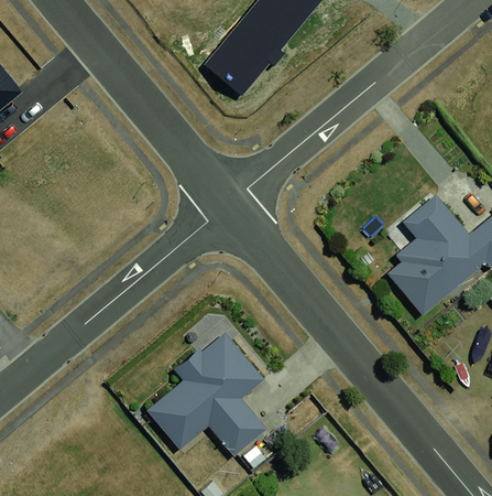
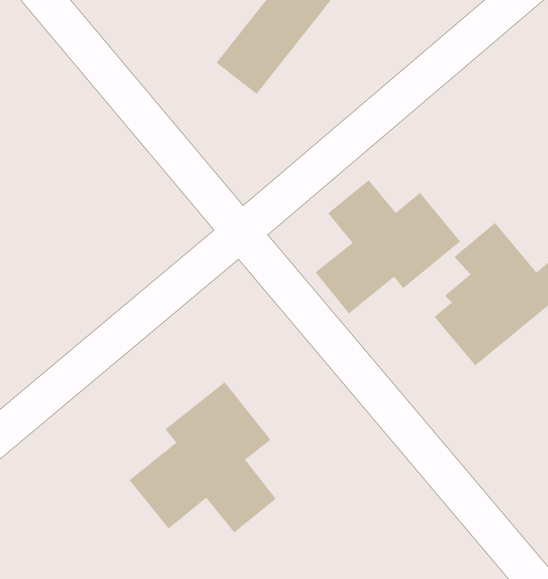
building: none -> [315,179,461,315]

